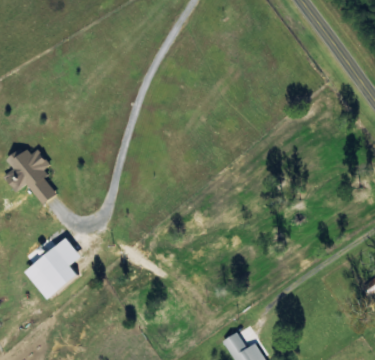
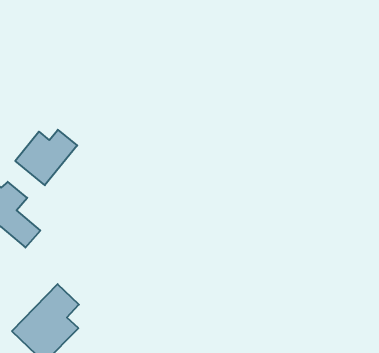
building: none -> [15,130,77,185]

